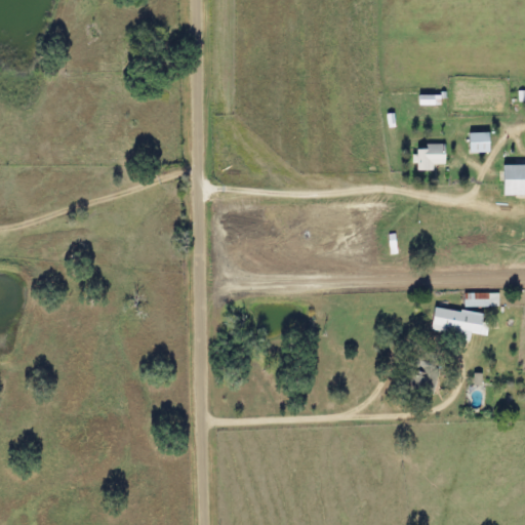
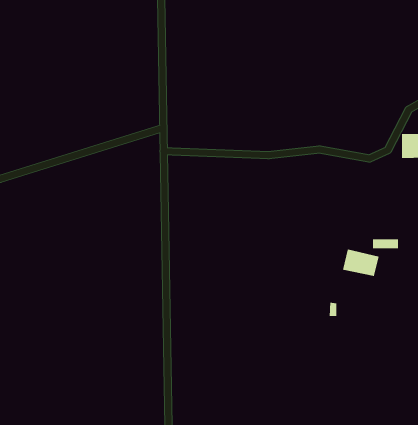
building: [470,132,490,152] -> none
building: [417,144,448,169] -> none

